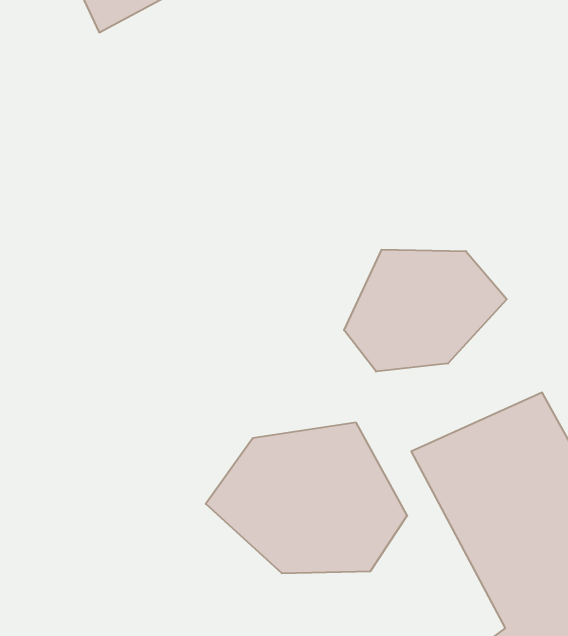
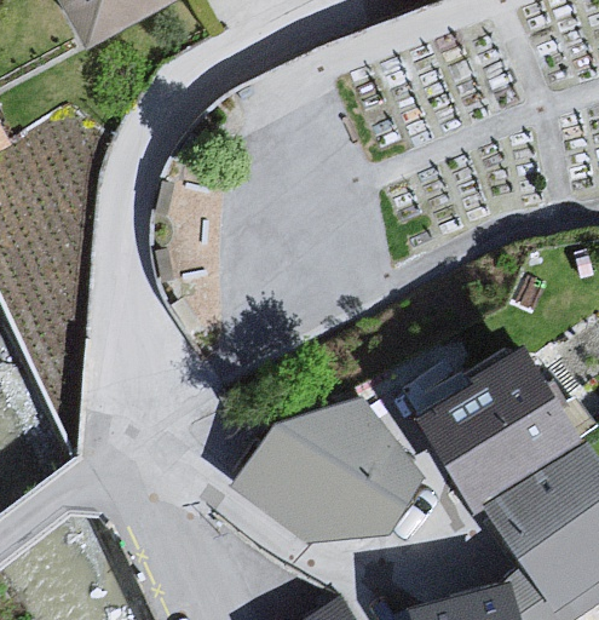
building: [344,250,507,372] -> none

